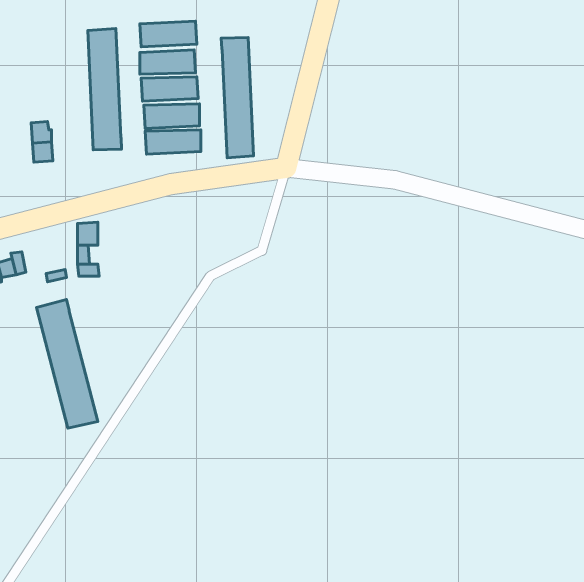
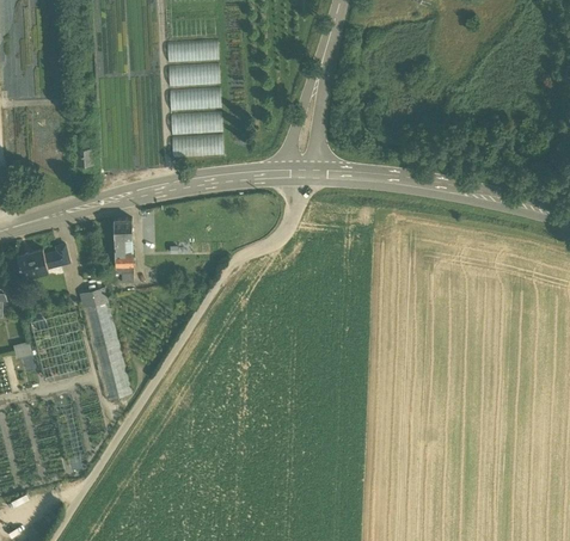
building: [88,28,122,150] -> none
building: [221,37,253,158] -> none

